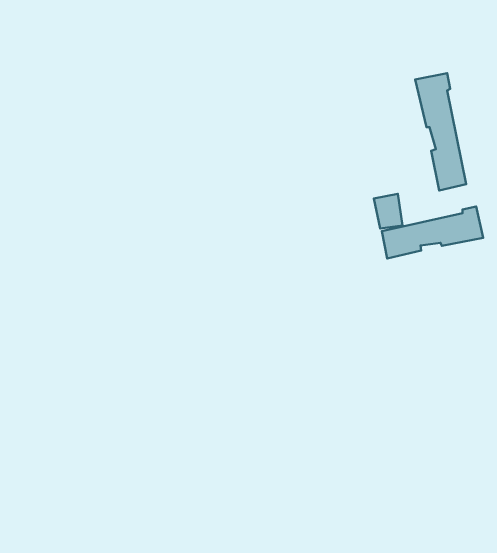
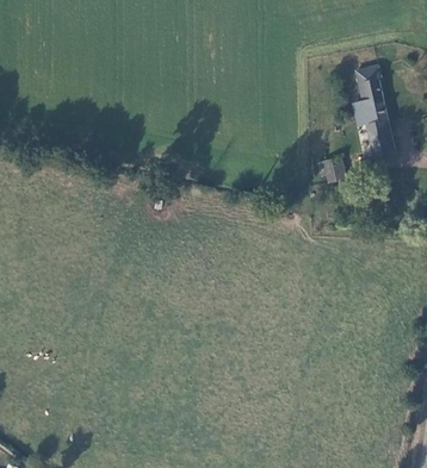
building: [382,206,483,258] -> none

